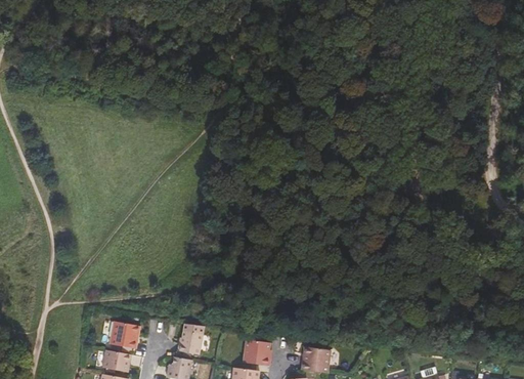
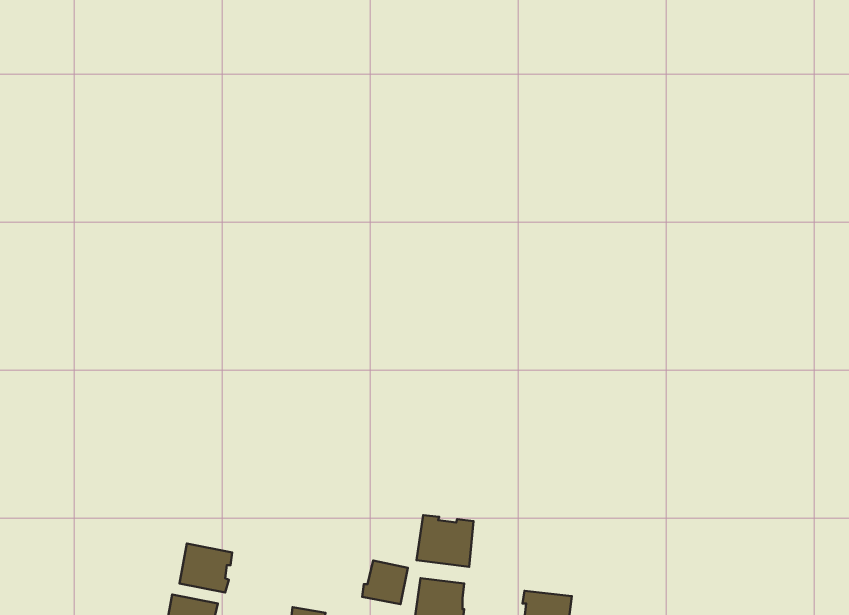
building: none -> [416,515,473,567]
building: [178,329,204,353] -> [362,560,408,604]

